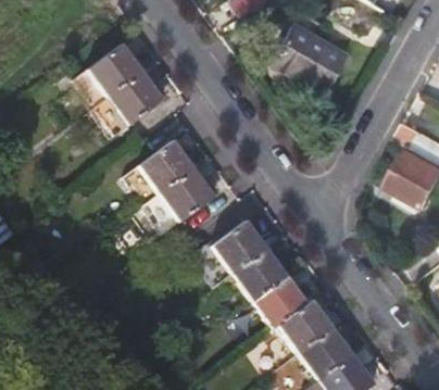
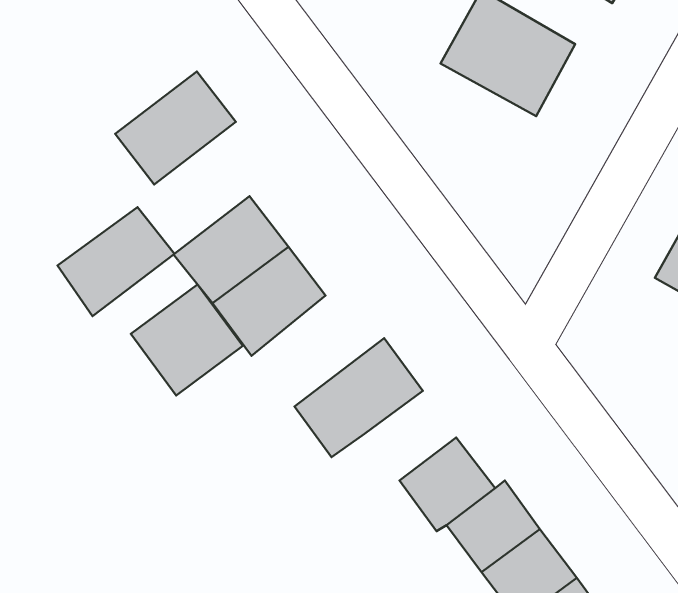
building: [72,45,137,105] -> [57,207,174,316]
building: none -> [131,284,243,395]
building: [230,249,281,299] -> none

